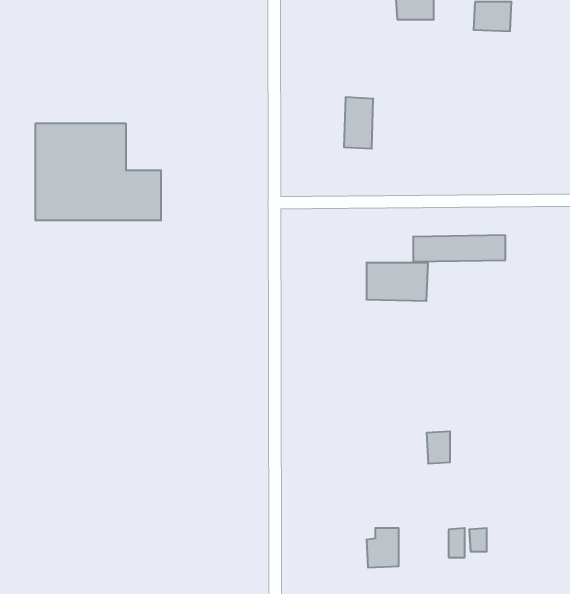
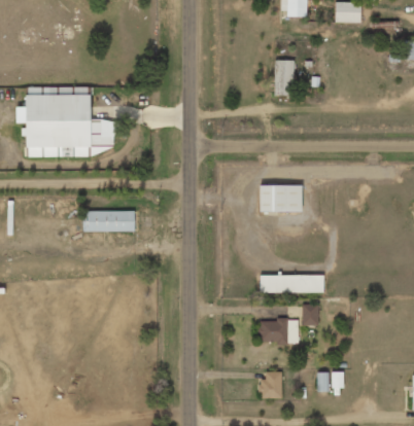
building: [344,97,373,149] -> [274,60,295,96]
building: [413,235,505,262] -> [260,275,324,293]
building: none -> [83,211,135,232]
building: none -> [260,320,299,345]

